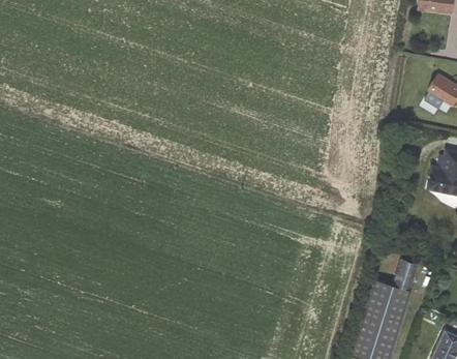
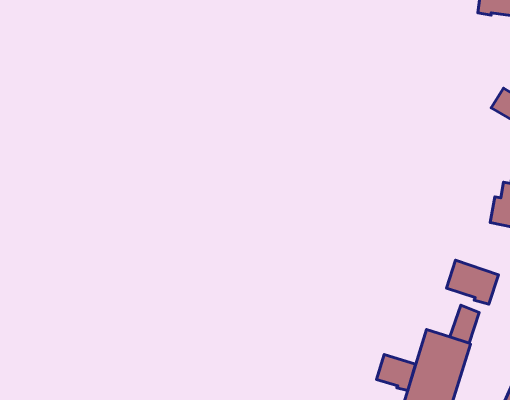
building: none -> [446,260,499,304]
building: none -> [377,355,416,390]

